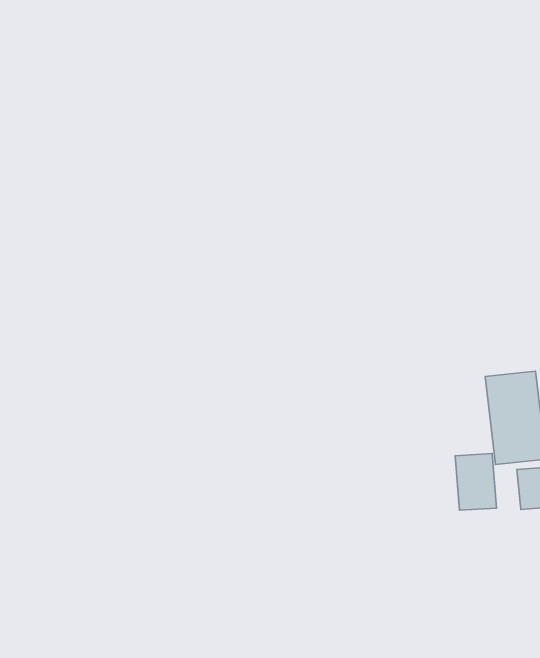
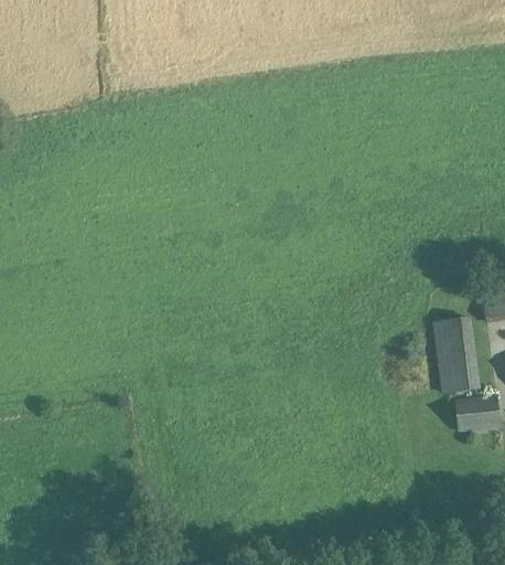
building: [455,454,497,510] -> none

